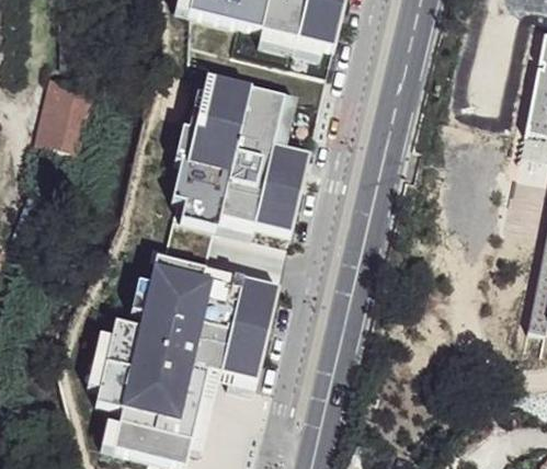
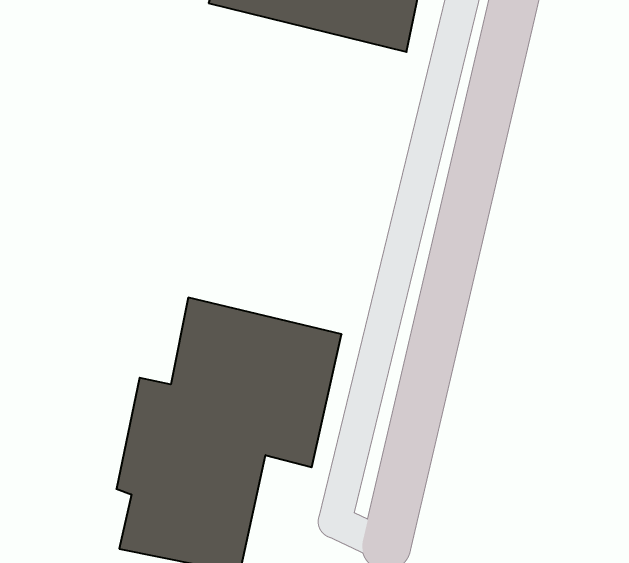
building: [174,69,309,237] -> none
building: [29,70,98,160] -> none

